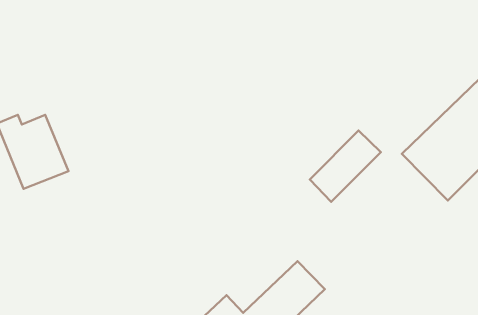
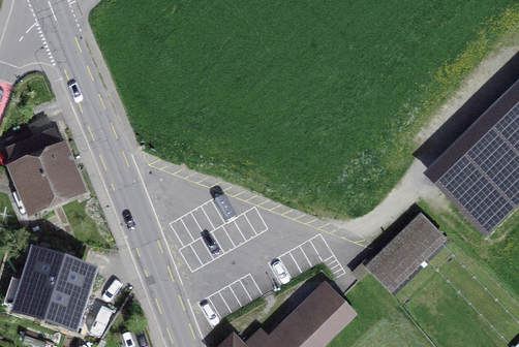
building: [310,131,381,202] -> [367,215,442,290]
building: none -> [17,254,108,335]

